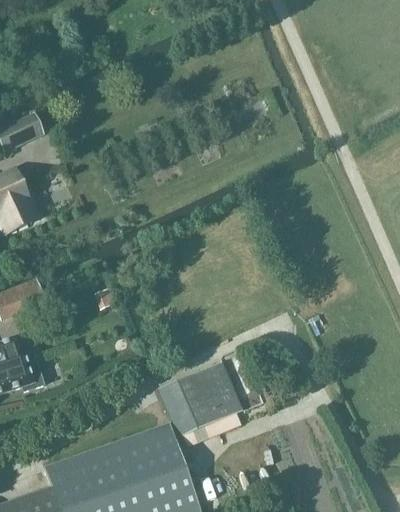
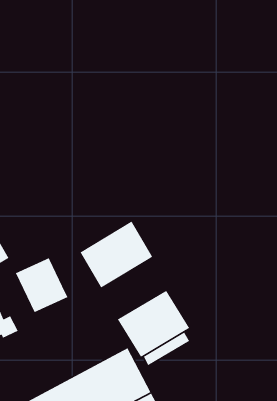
building: none -> [79,220,153,289]
building: none -> [15,257,68,313]

